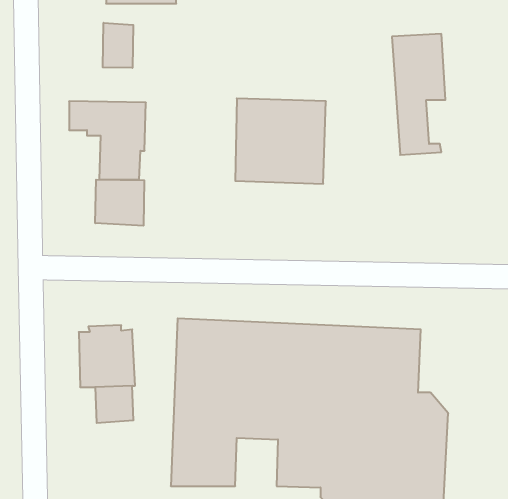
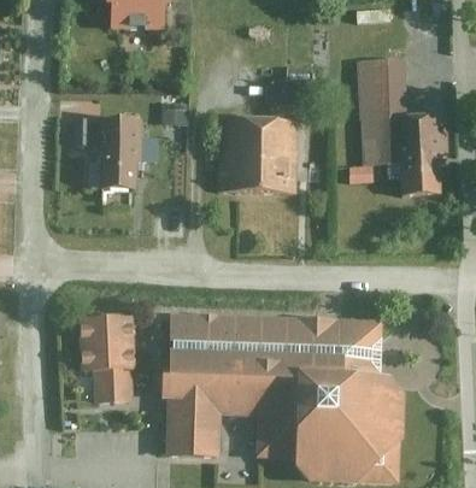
building: [103,23,133,68] -> none
building: none -> [386,113,446,194]
building: [95,180,144,226] -> none

